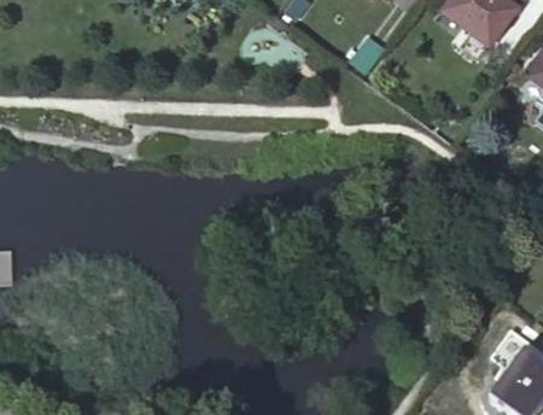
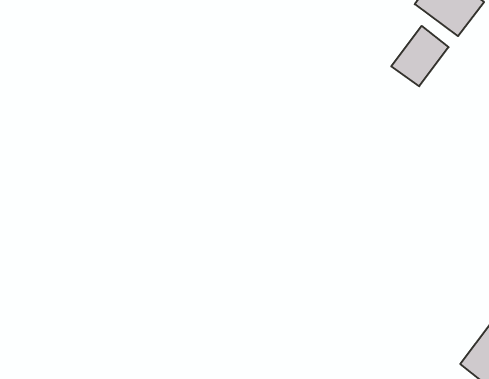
building: none -> [391,26,449,86]

